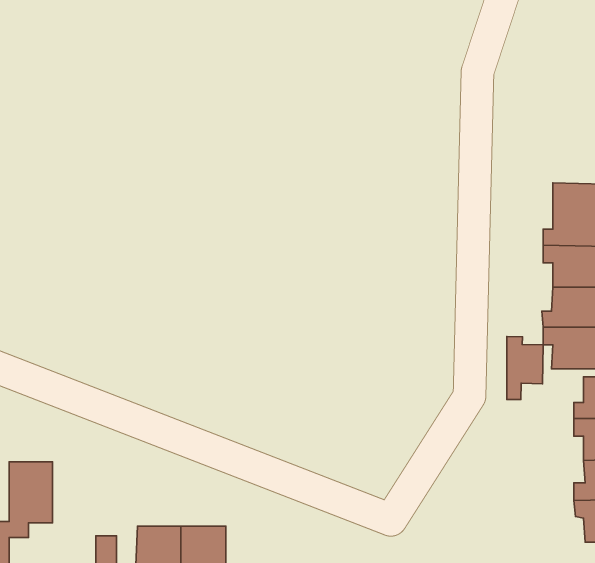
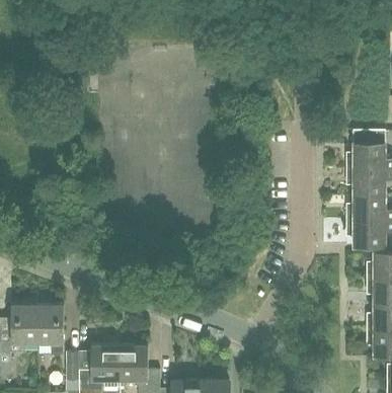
building: [507,337,543,400] -> none
building: none -> [37,305,63,356]

